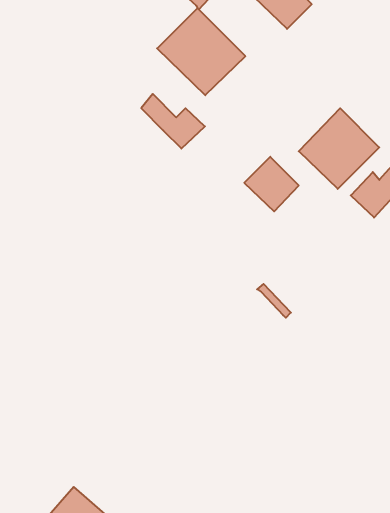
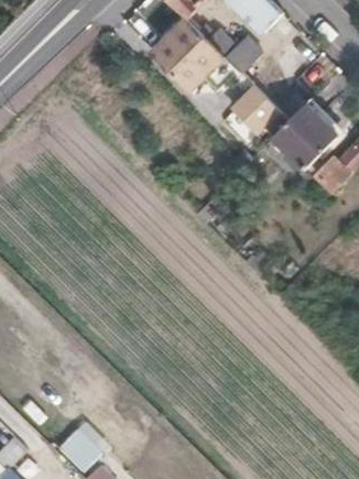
building: [141,94,205,149] -> [208,24,262,70]
building: [244,157,299,211] -> [233,83,280,129]

